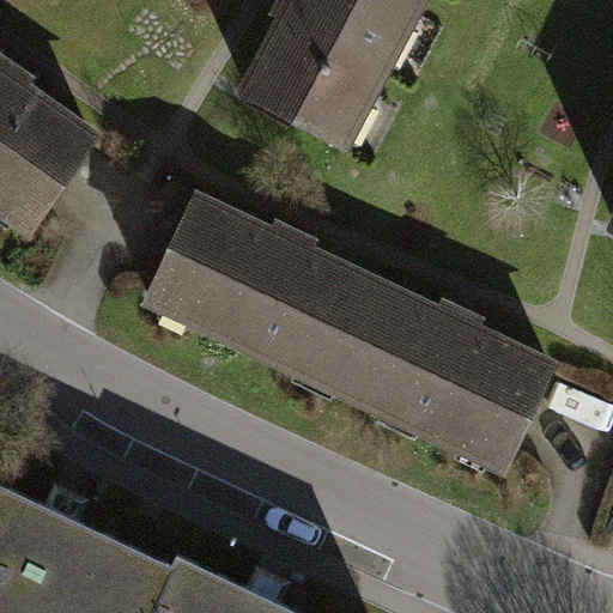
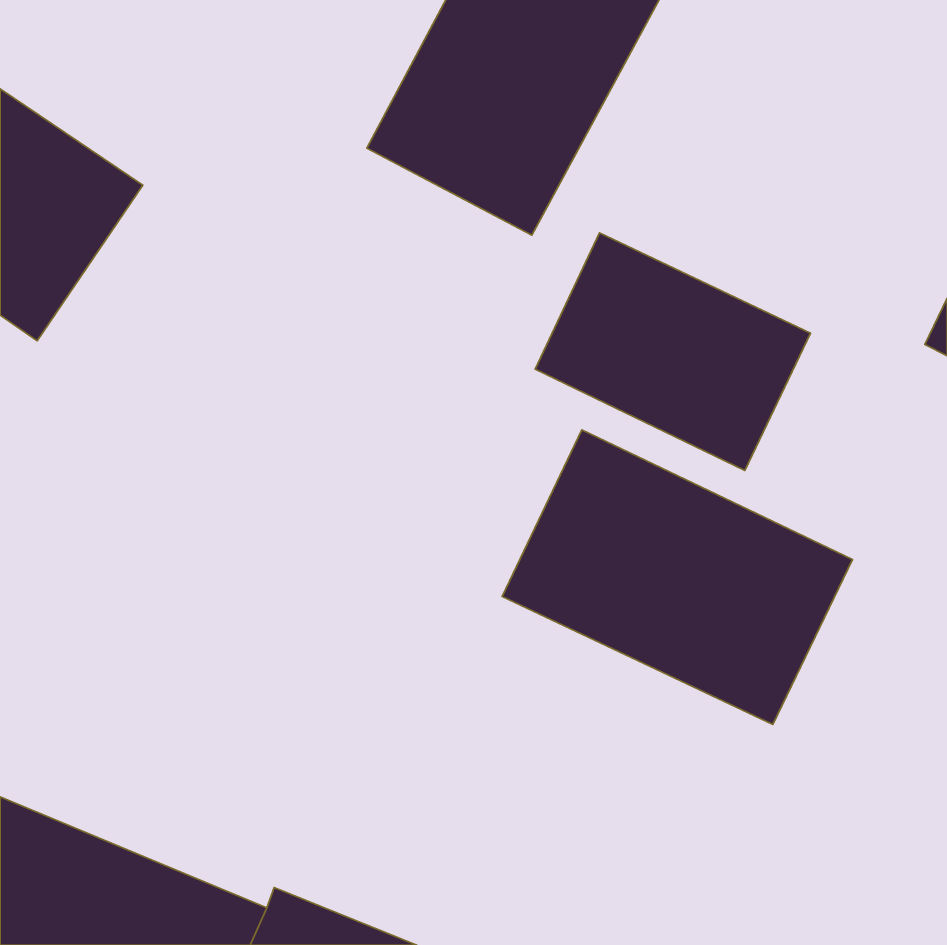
building: none -> [535,233,810,470]
building: [151,196,376,386] -> none

